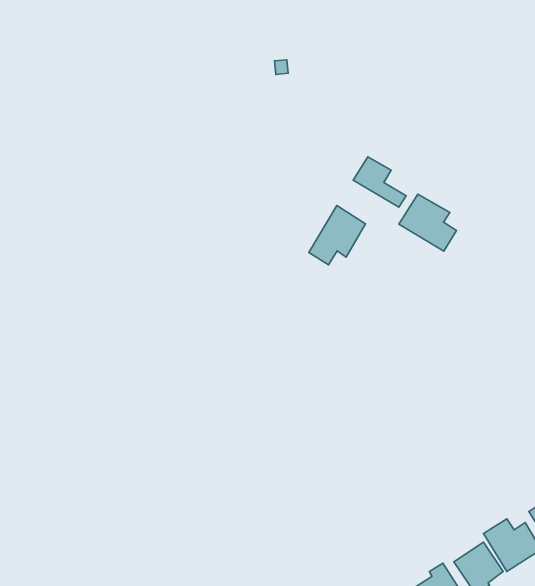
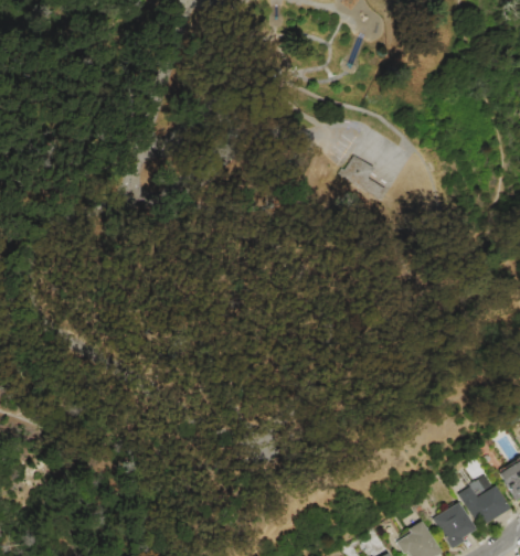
building: [399,194,456,251] -> none
building: [309,206,365,265] -> none

